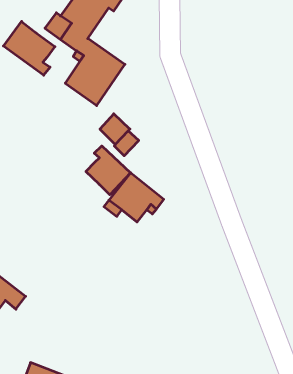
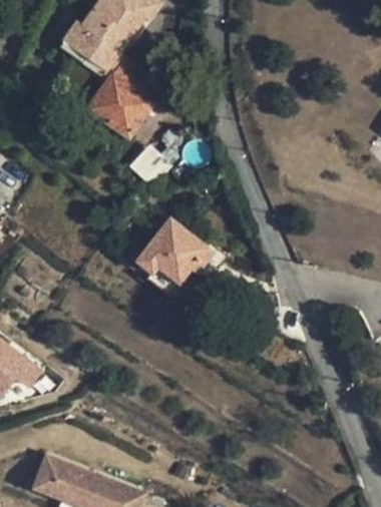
building: [3,21,55,75] -> none
building: [86,146,131,195] -> none

